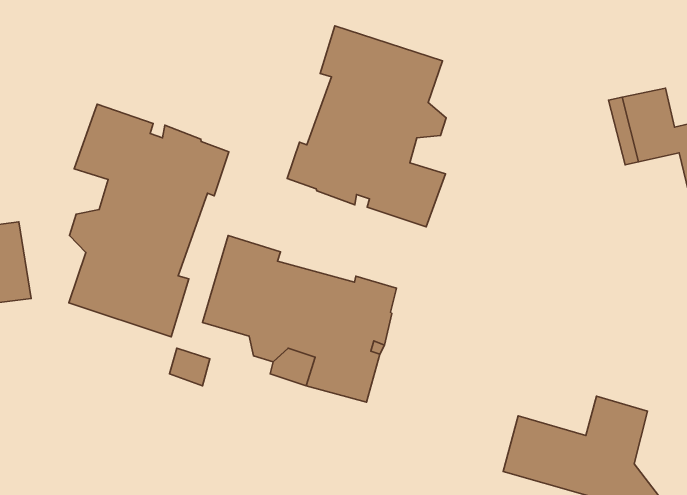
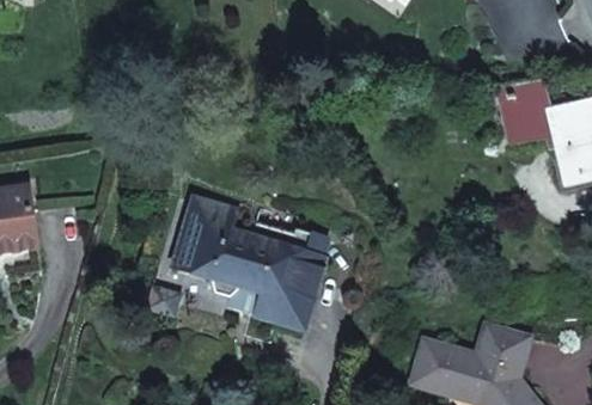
building: [287,26,446,227] -> none
building: [69,104,229,337] -> none

